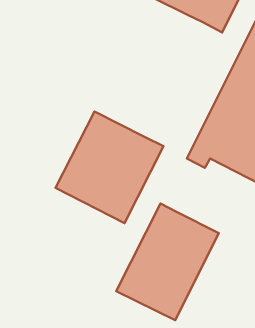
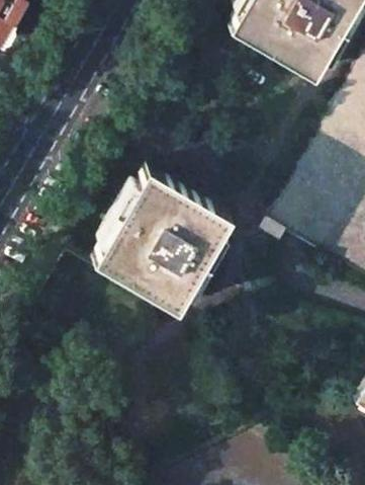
building: [116,204,219,320] -> none

